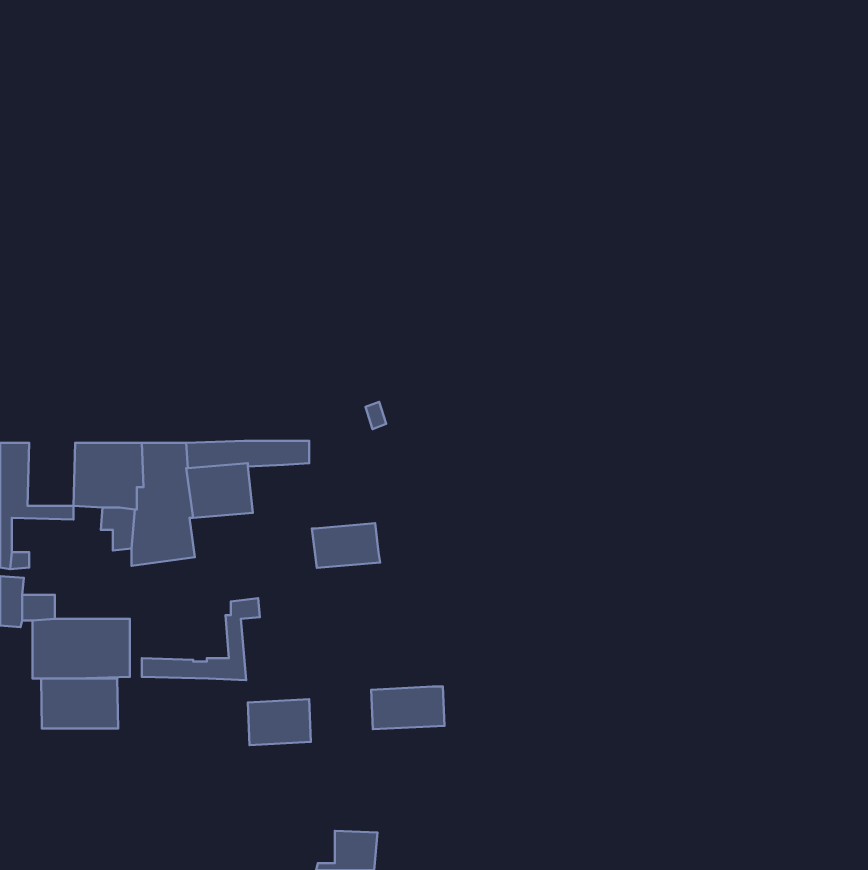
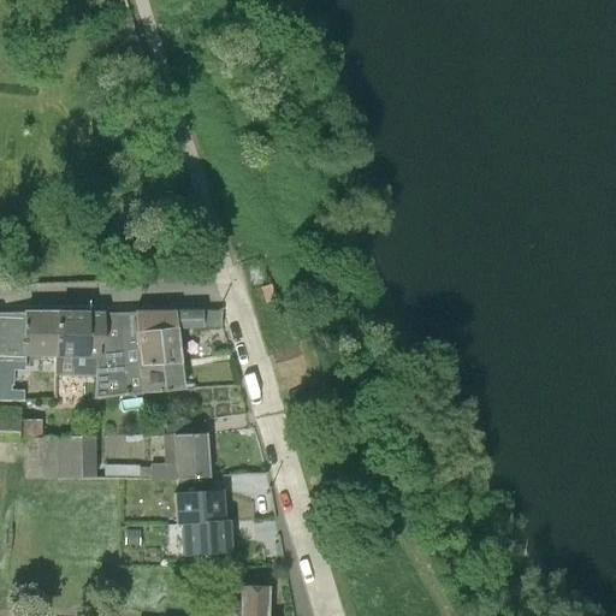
building: none -> [23,312,57,356]
building: [312,523,380,568] -> [137,361,185,392]
building: none -> [173,432,211,479]
building: [41,679,118,729] -> none
building: [371,686,445,729] -> [179,522,231,552]

